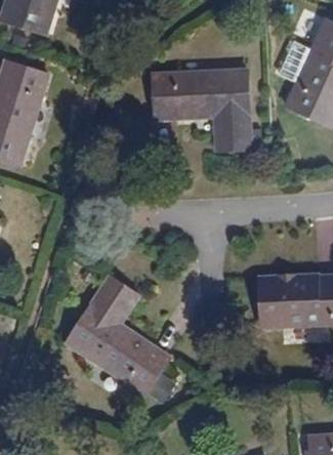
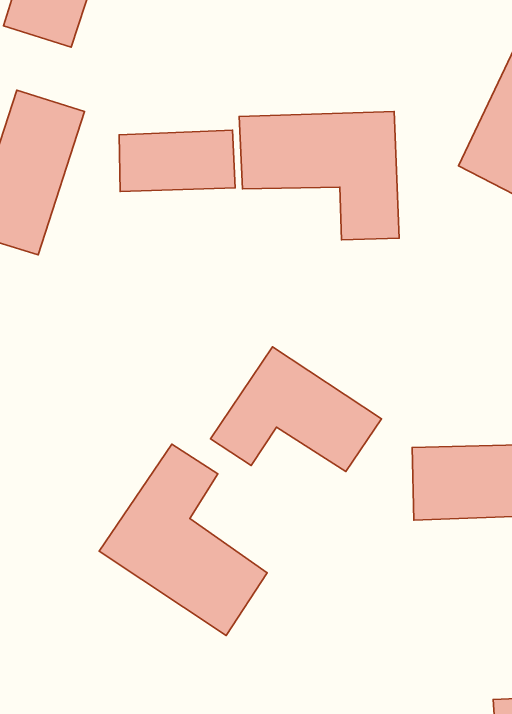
building: none -> [119,130,235,191]
building: none -> [210,347,381,471]

